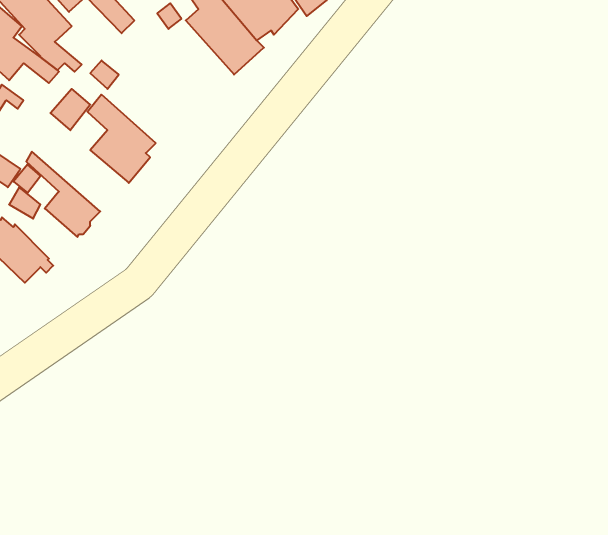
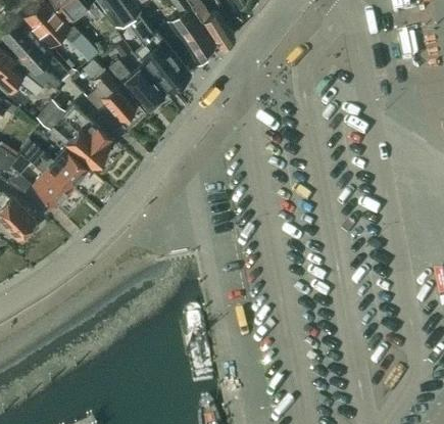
building: none -> [108,61,164,110]
building: none -> [83,62,137,123]
building: none -> [23,141,89,190]

